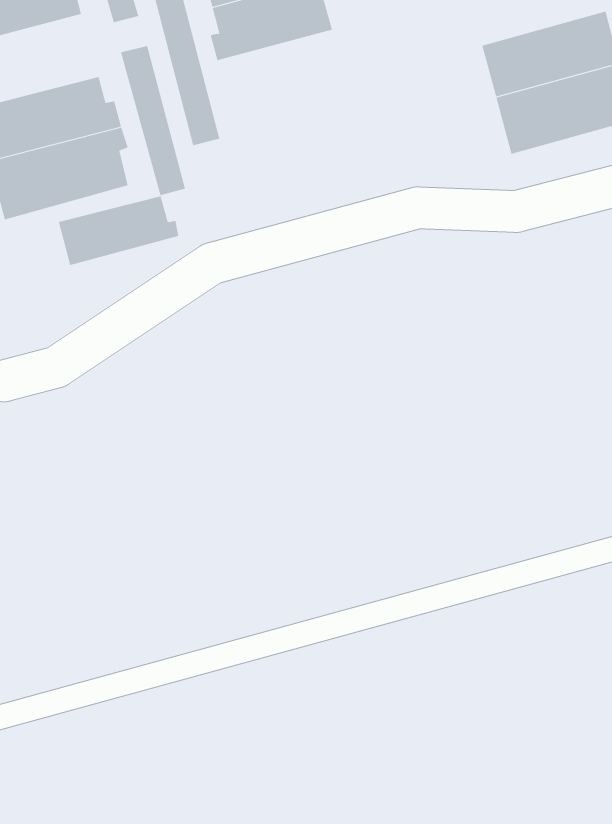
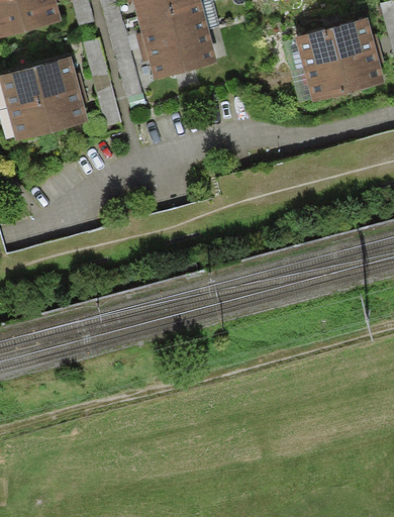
building: none -> [139,29,217,81]
building: [58,196,179,266] -> none

